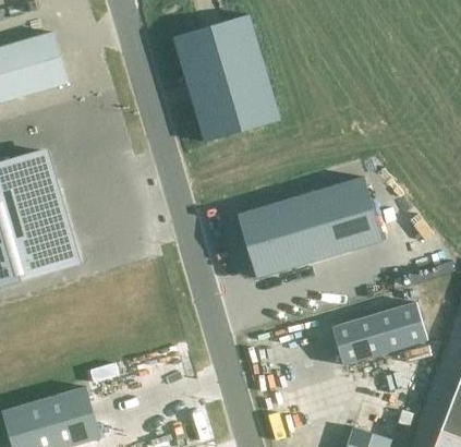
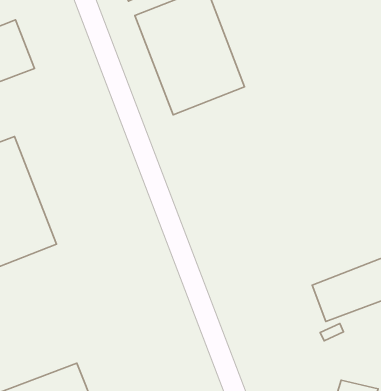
building: [236,177,383,277] -> none

